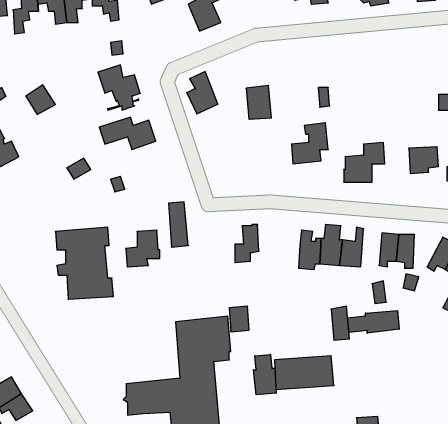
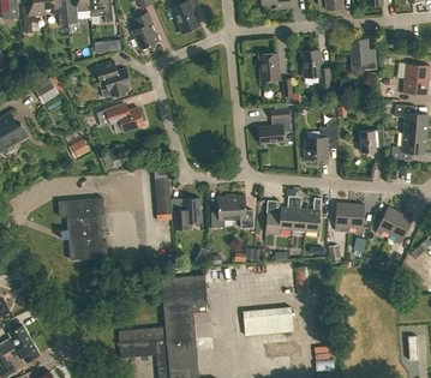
building: none -> [348,37,376,72]
building: none -> [301,48,331,86]
building: [187,72,218,114] -> [132,12,158,48]
building: [246,85,271,119] -> [258,52,280,80]
building: none -> [231,193,253,227]
building: [126,230,160,267] -> [173,197,202,228]
building: [348,311,399,333] -> none
building: [253,354,276,395] -> none

